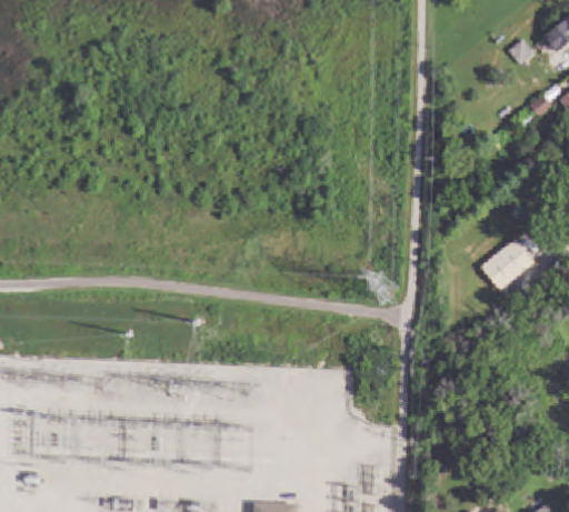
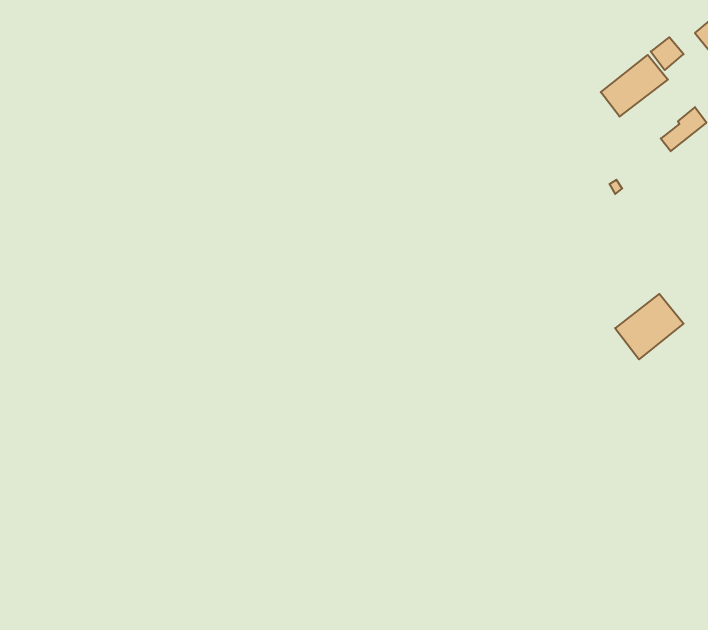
building: none -> [601,55,668,117]

